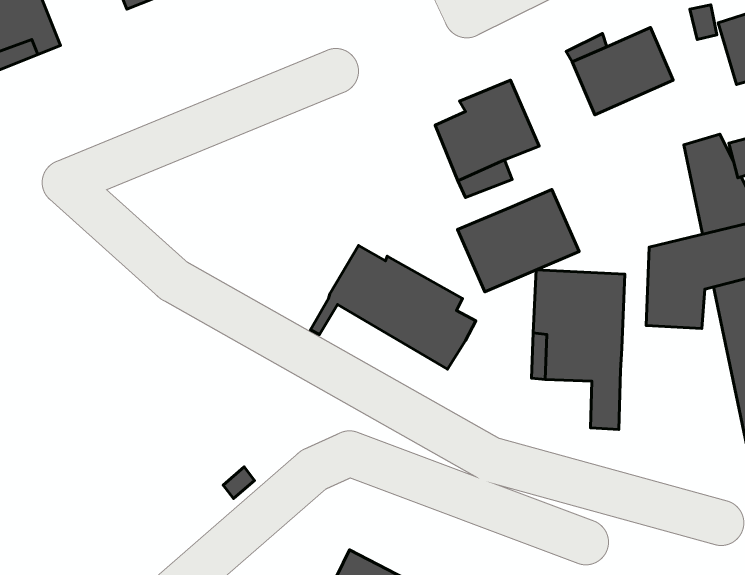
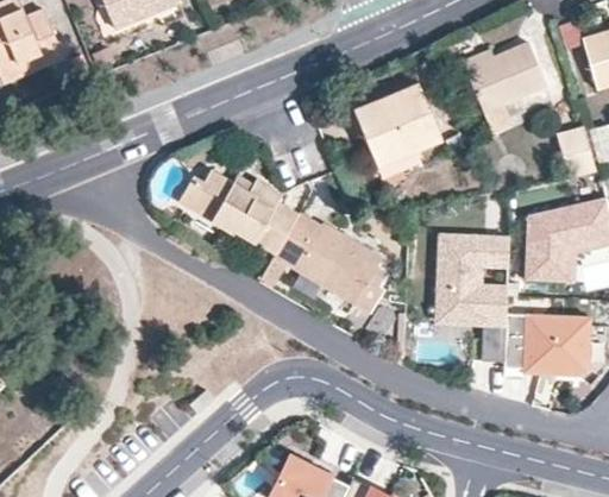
building: none -> [178,169,299,252]
building: [457,189,579,292] -> none
building: none -> [504,313,590,375]

